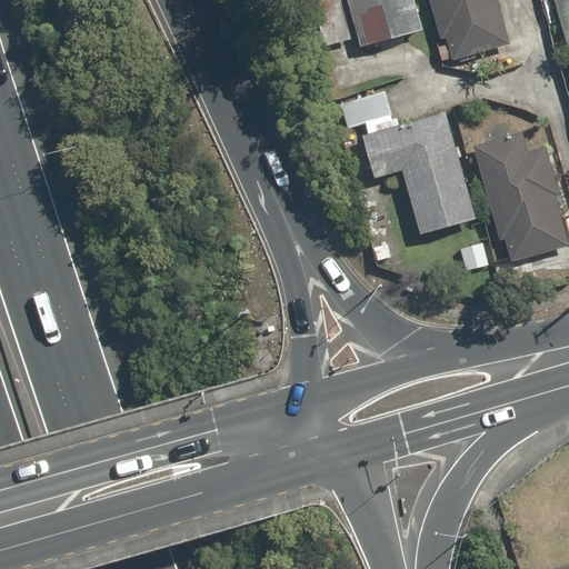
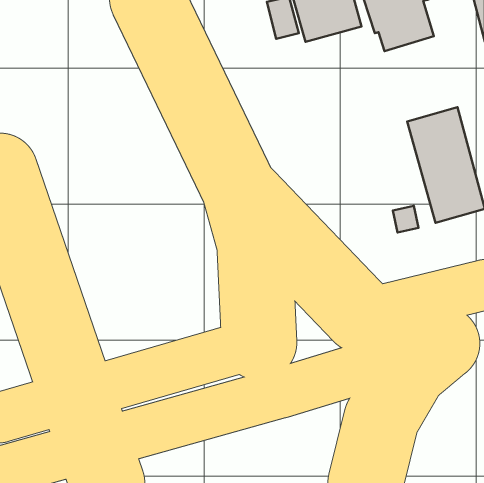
building: [339,87,477,236] -> none

